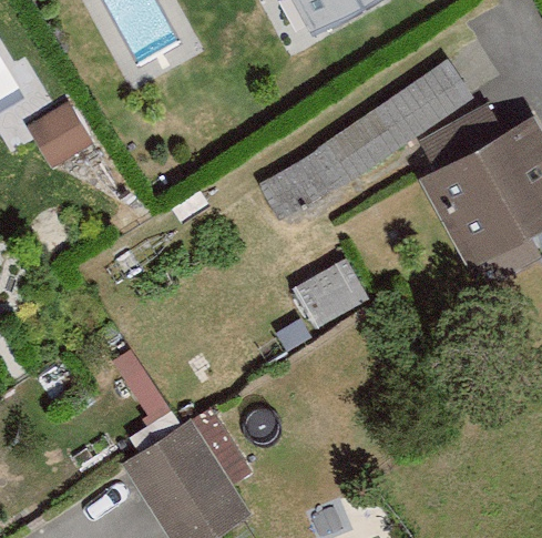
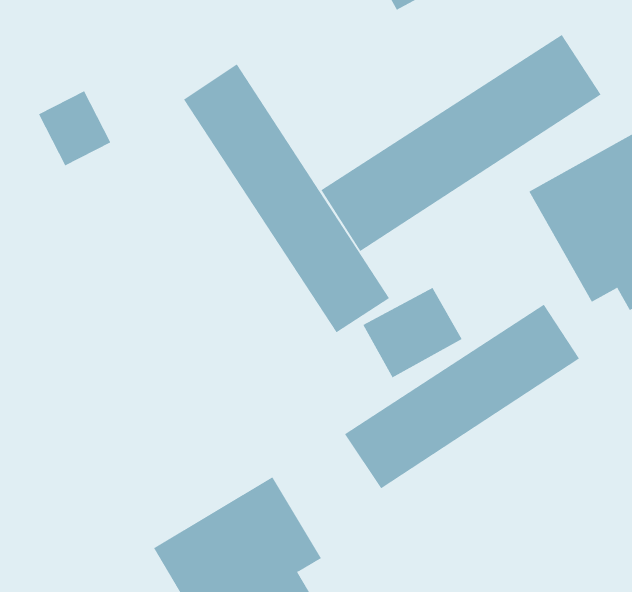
building: none -> [183,64,390,333]
building: none -> [344,304,580,489]

